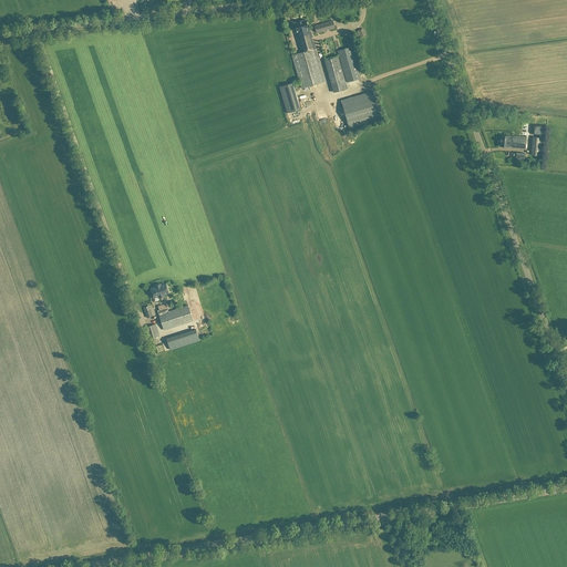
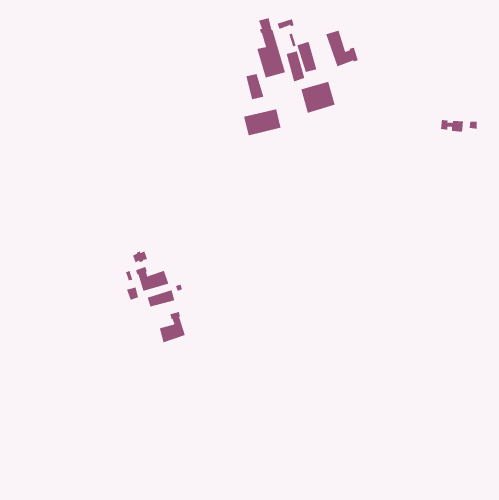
building: none -> [325,30,359,67]
building: none -> [244,109,281,136]
building: none -> [159,311,186,343]

